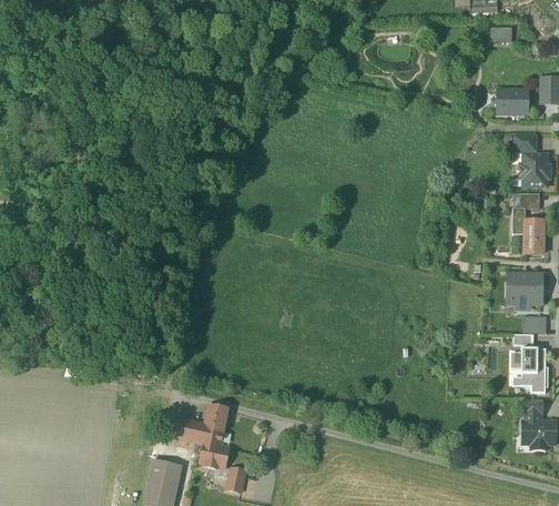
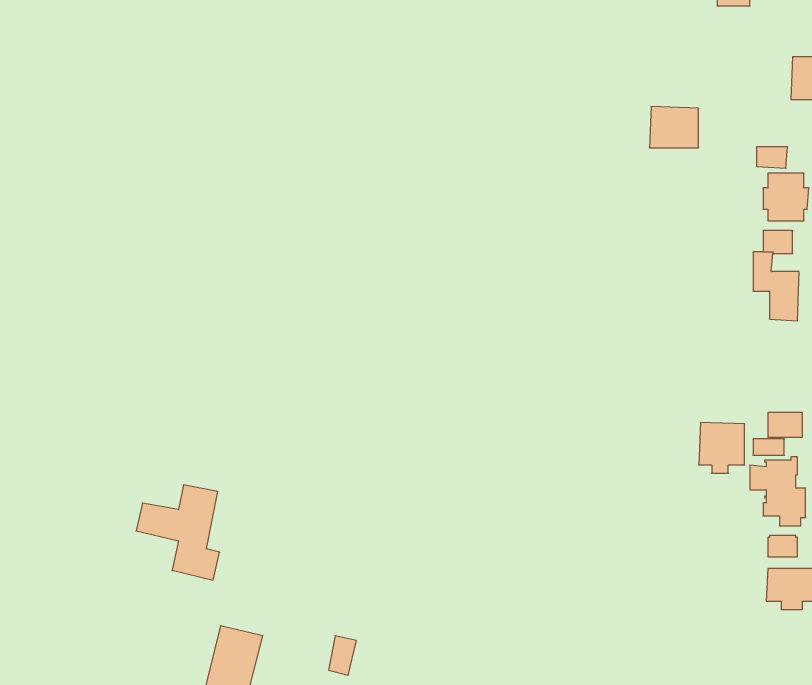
building: [495,88,528,115] -> [649,107,699,148]
building: [508,274,539,308] -> [699,422,745,473]
building: [174,407,231,472] -> [136,485,220,580]

